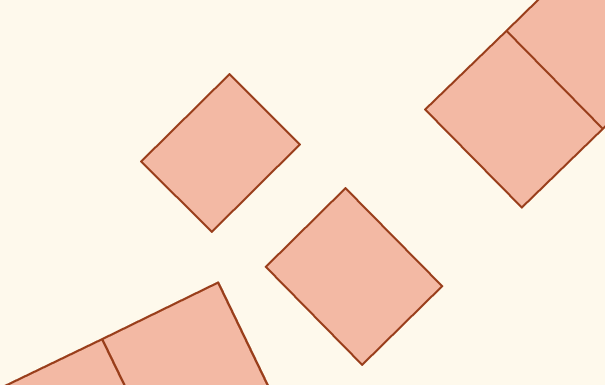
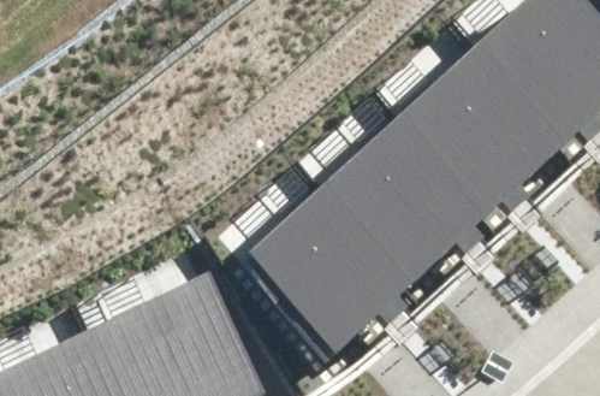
building: [141,74,300,232] -> none
building: none -> [325,116,489,280]

